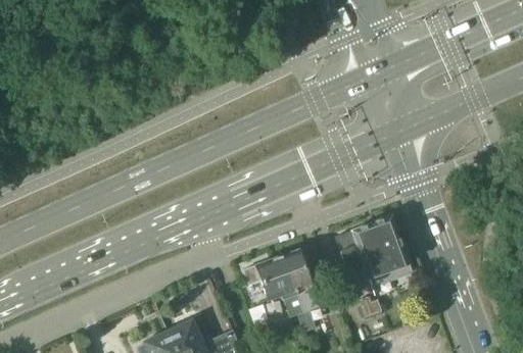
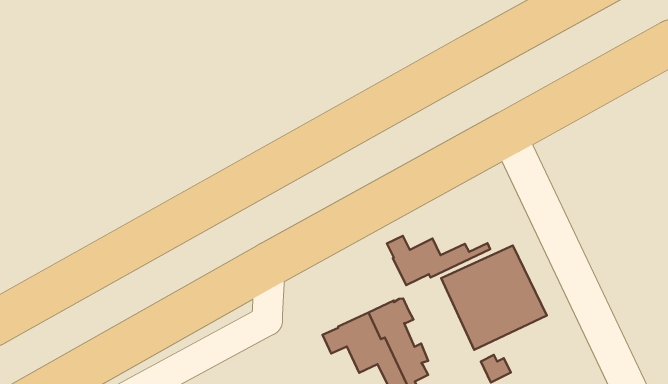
building: none -> [387,236,490,285]

